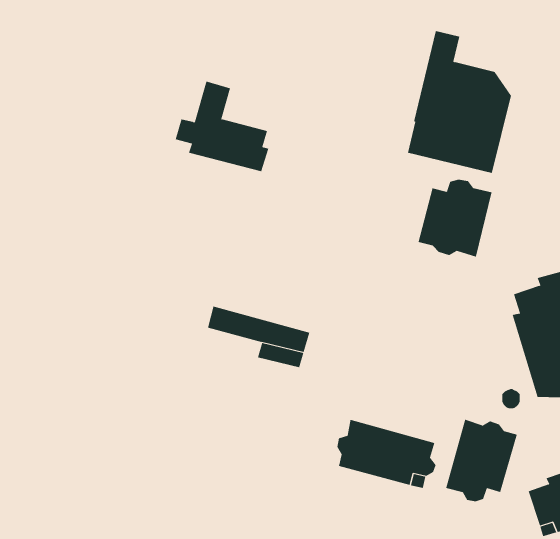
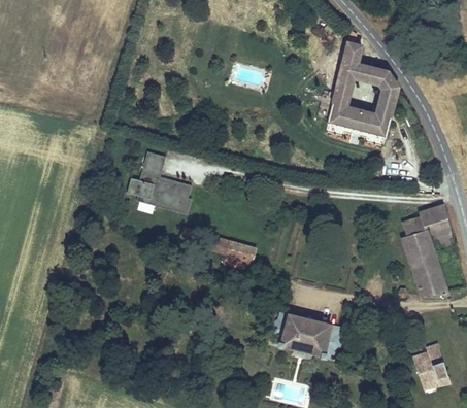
building: [175,81,269,172] -> [126,150,192,214]
building: [418,179,492,257] -> none
building: [446,419,517,502] -> none

